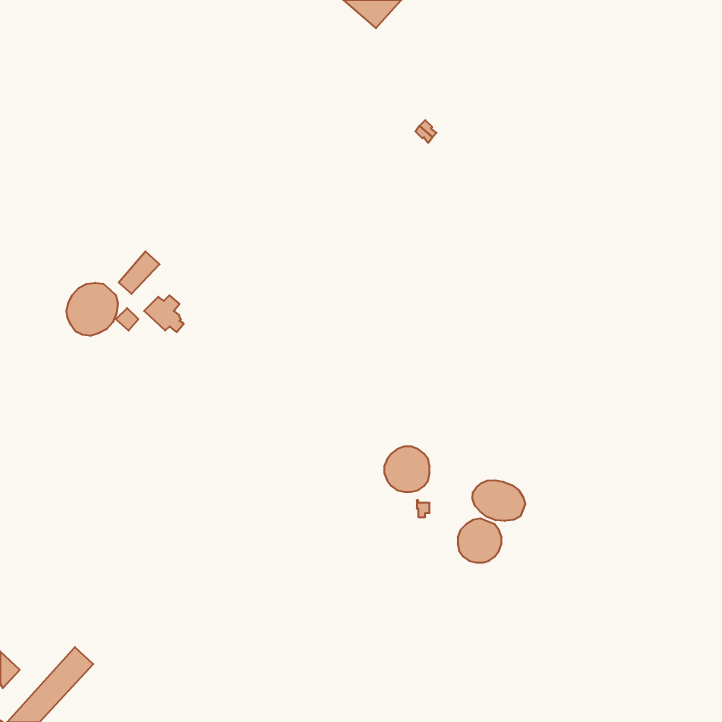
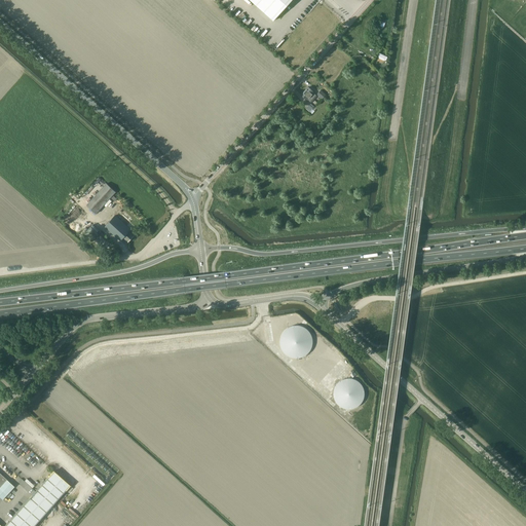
building: [66,283,118,336] -> none
building: [473,480,525,521] -> none

